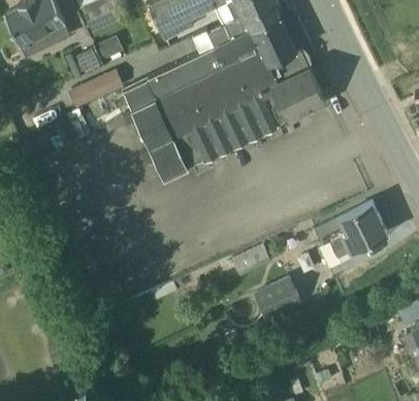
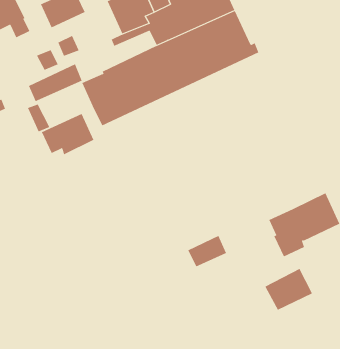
building: [144,58,323,177] -> none
building: none -> [41,113,94,155]
building: [252,278,301,322] -> [264,268,313,311]

